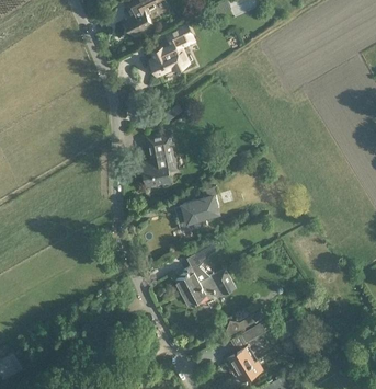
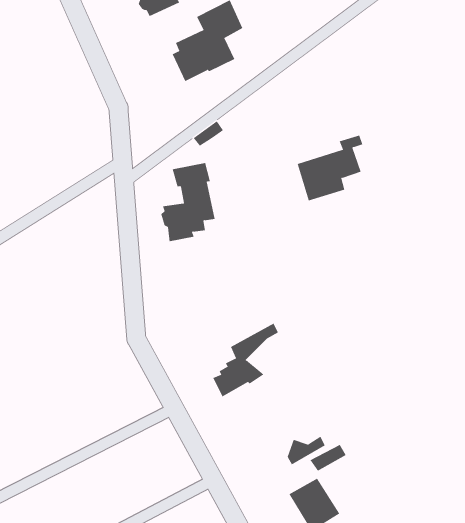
building: [174,187,219,232] -> [297,135,363,201]
building: [182,270,236,308] -> none

